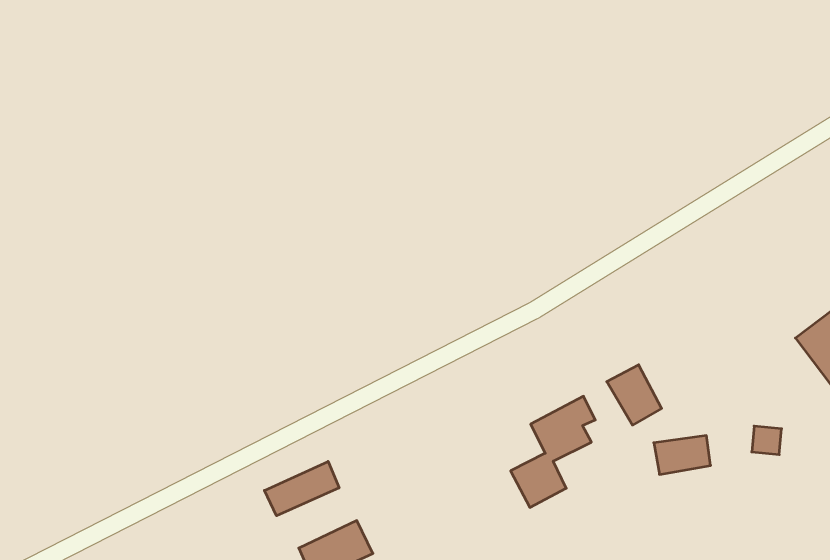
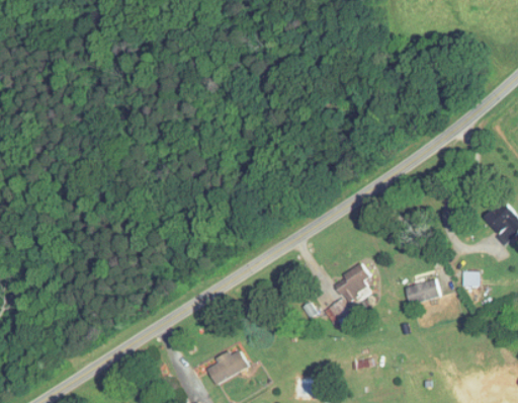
building: [607,365,662,425] -> none
building: [264,461,339,516] -> none

